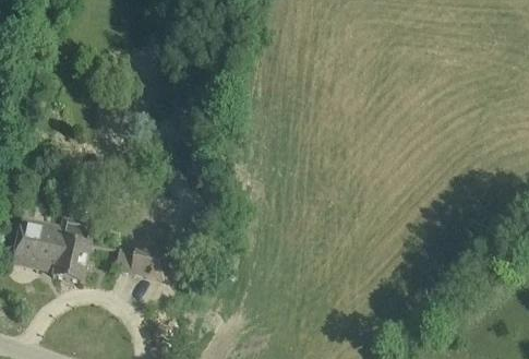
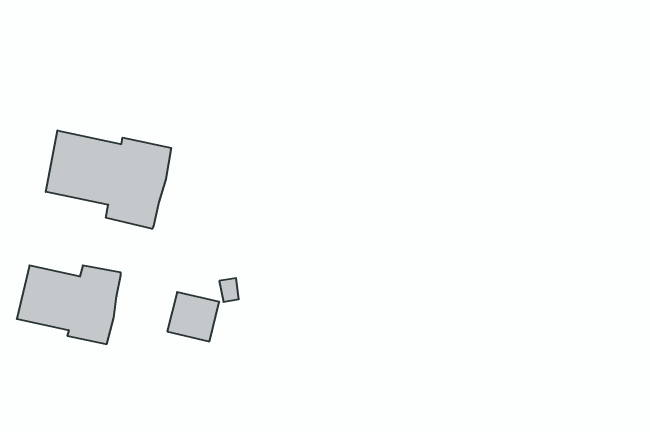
building: none -> [46,130,171,229]

